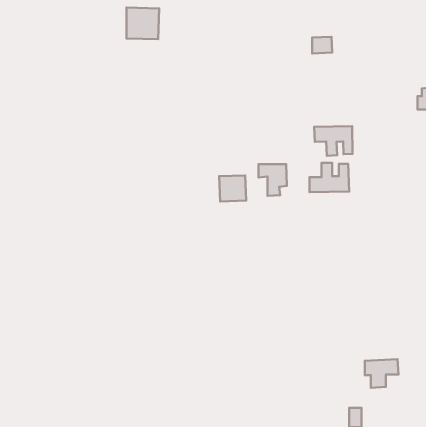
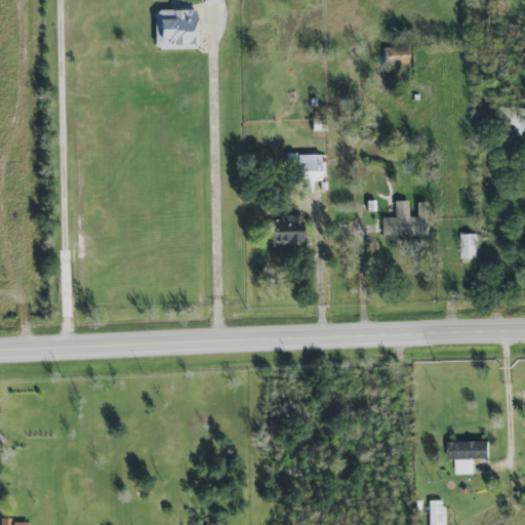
building: [314,126,352,156] -> none
building: [258,164,287,196] -> [287,154,322,193]
building: none -> [461,234,479,259]

